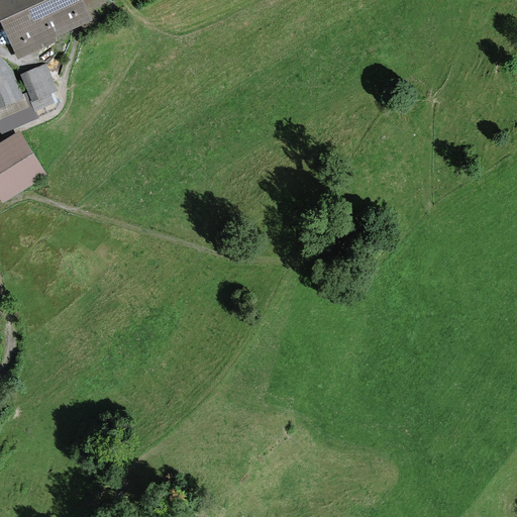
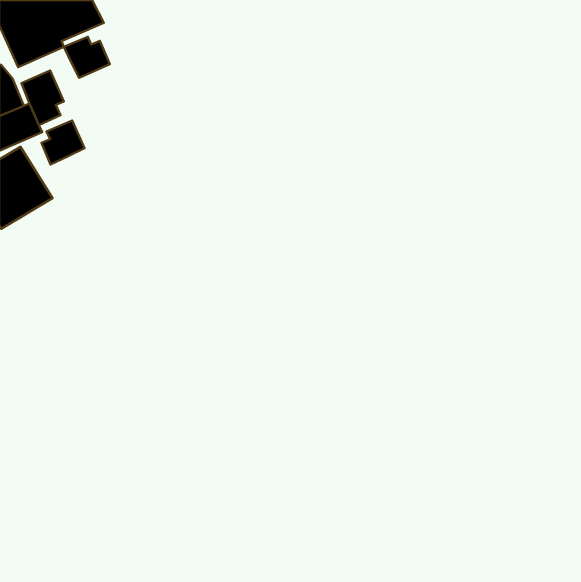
building: none -> [64,37,110,78]
building: none -> [42,120,84,164]

